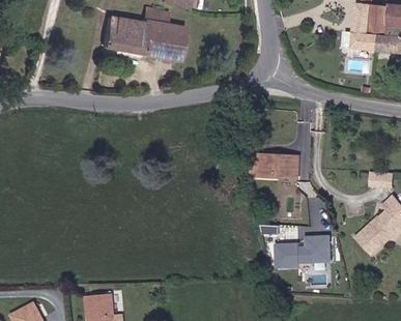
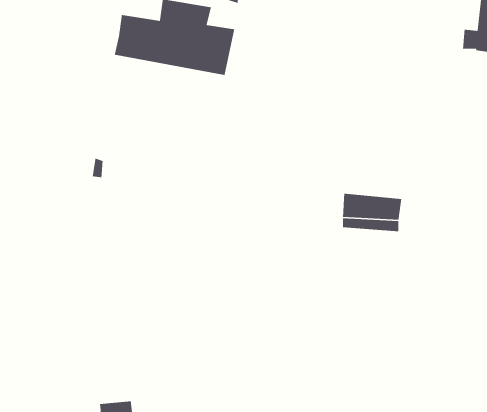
building: [271,236,330,270] -> none

